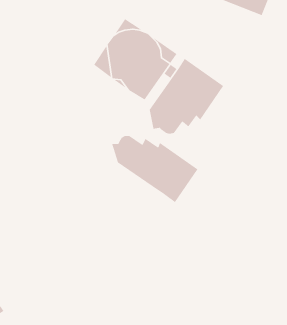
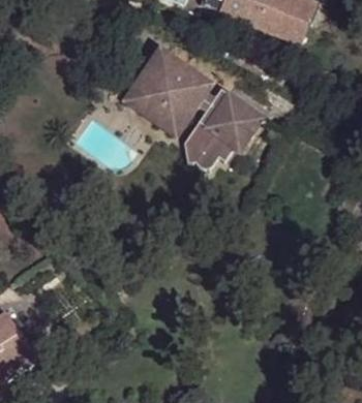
building: [111,135,199,203] -> none

